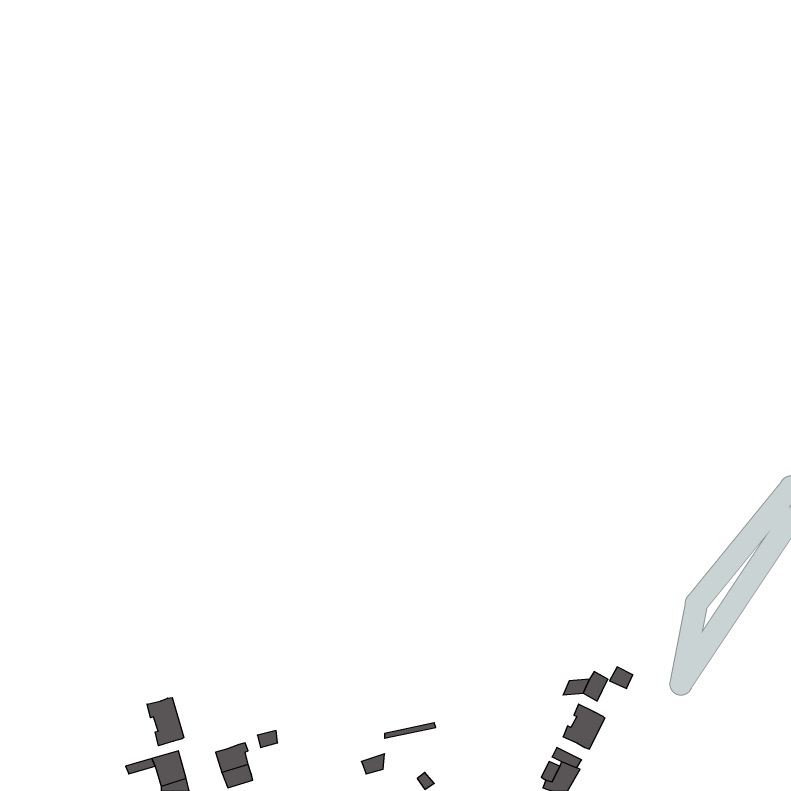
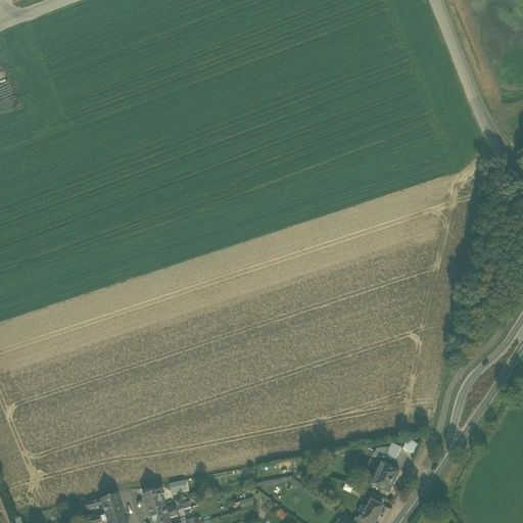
building: [147,698,184,746] -> none

